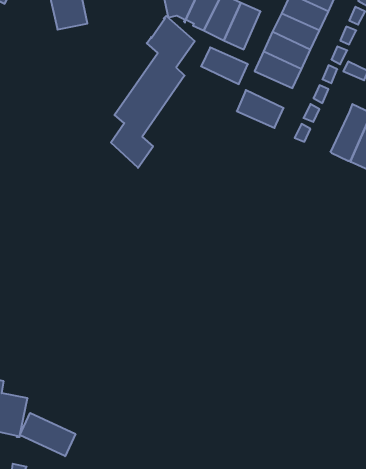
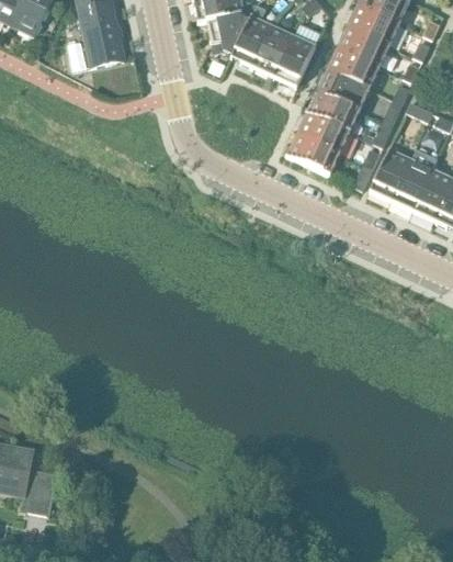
building: [111,16,195,168] -> none
building: [201,47,248,84] -> [298,112,350,153]
building: none -> [370,147,412,201]
building: [20,413,75,456] -> none

